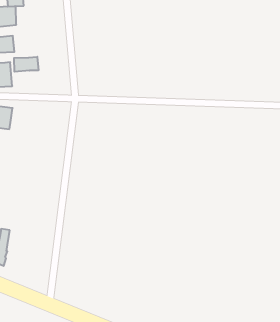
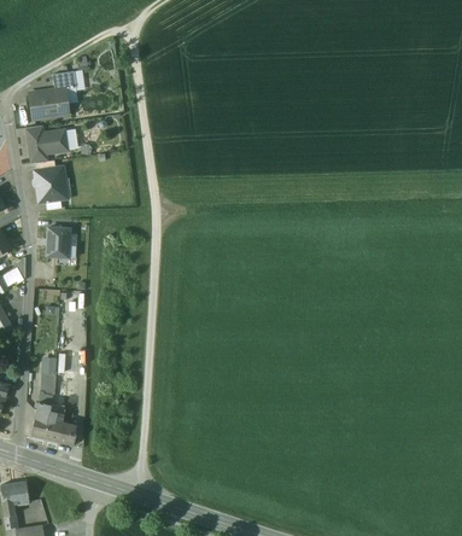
building: [14,57,38,72] -> none

